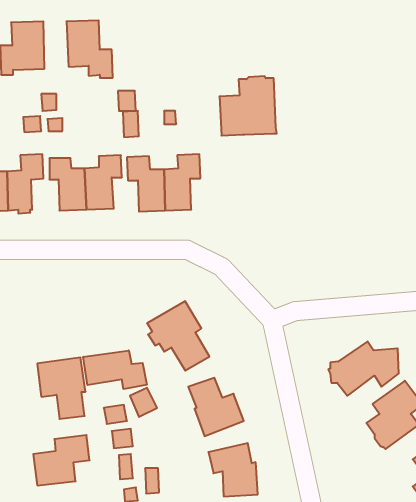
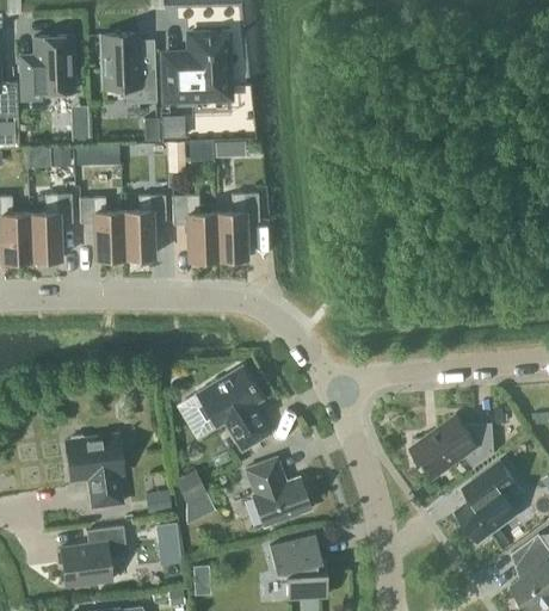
building: [219,76,277,136] -> [166,31,234,101]
building: [83,350,147,389] -> none

